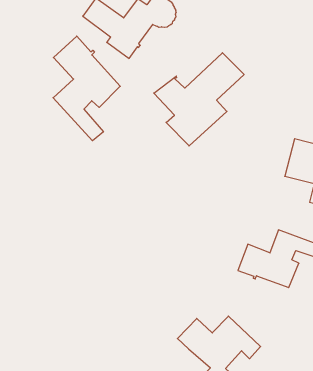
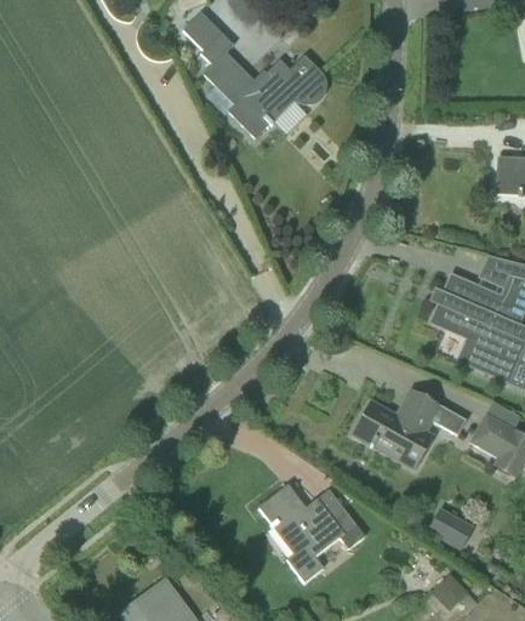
building: [53,36,120,141] -> none
building: [154,53,244,146] -> none

